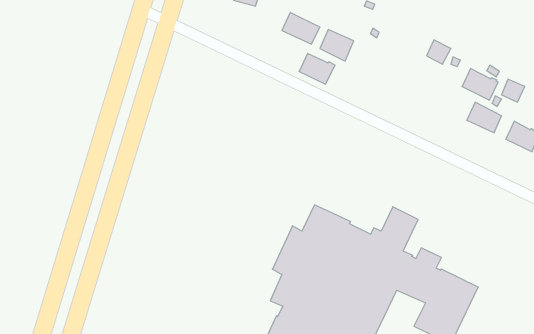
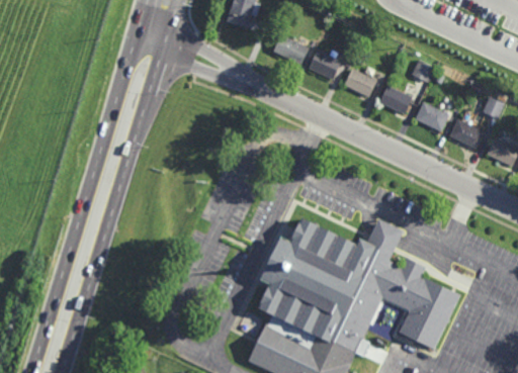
building: [299,53,335,84] -> [343,68,377,97]
building: none -> [378,85,413,114]
building: [462,68,498,100] -> [415,101,449,131]

